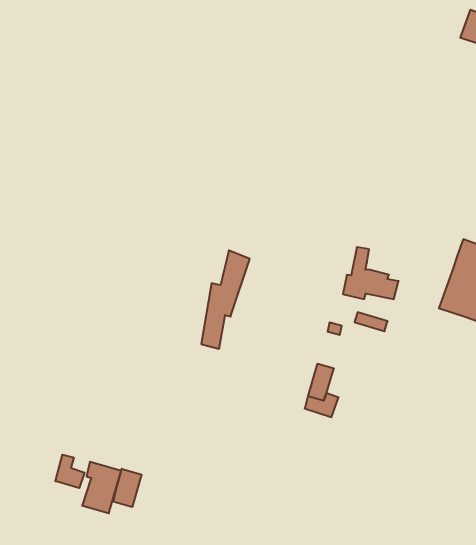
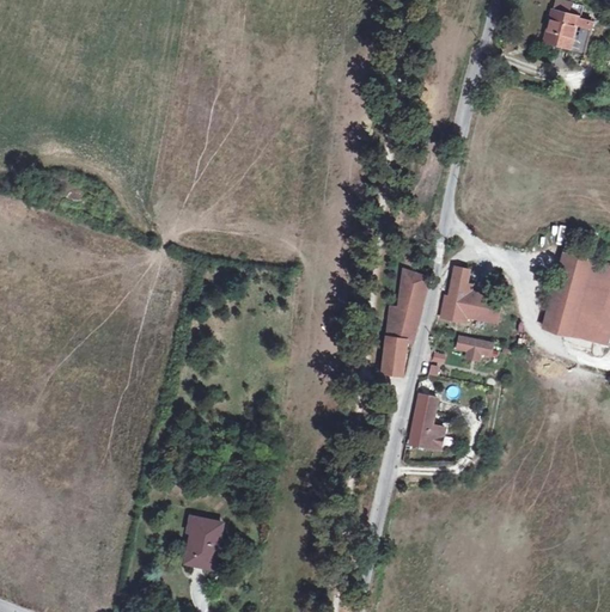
building: [201,250,250,349] -> [383,271,427,375]
building: [55,455,85,488] -> none
building: [114,469,142,507] -> none

